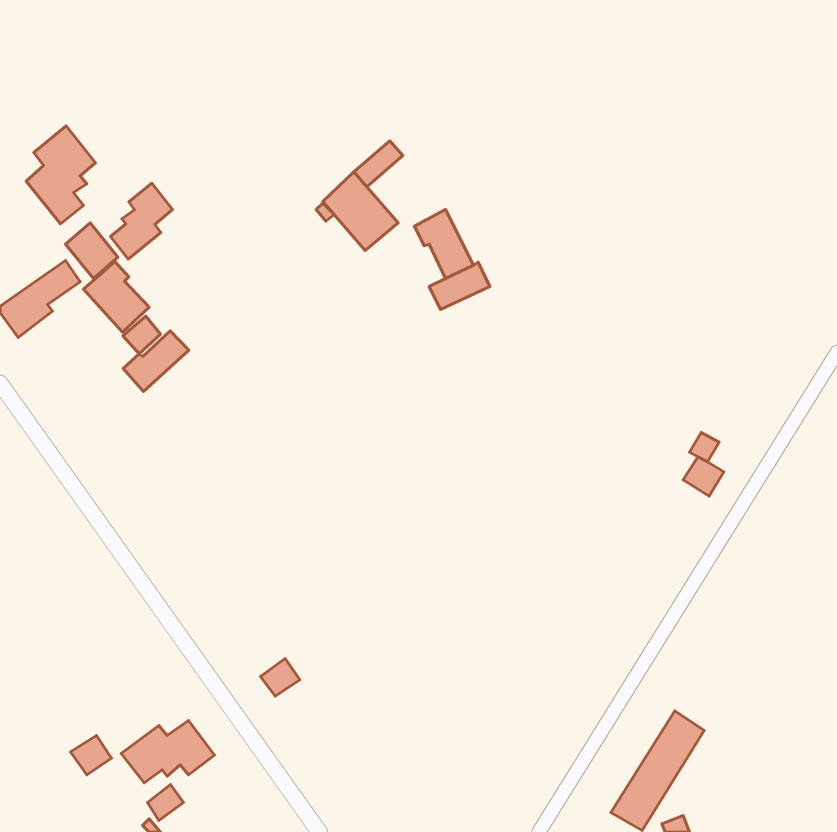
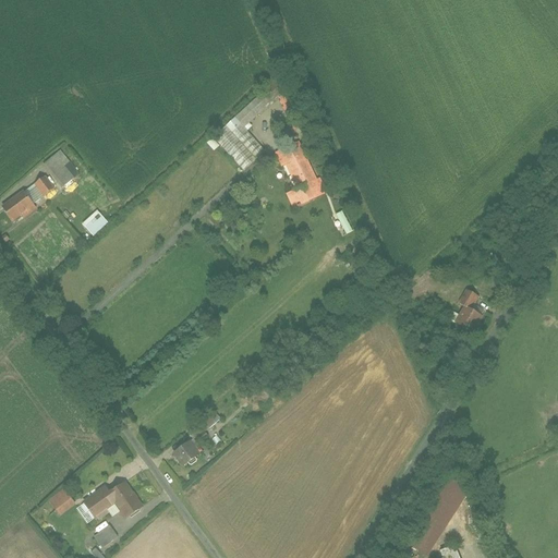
building: [26,126,95,224] -> none
building: [110,183,173,259] -> none
building: [84,262,149,332] -> none
building: [123,331,189,392] -> none

